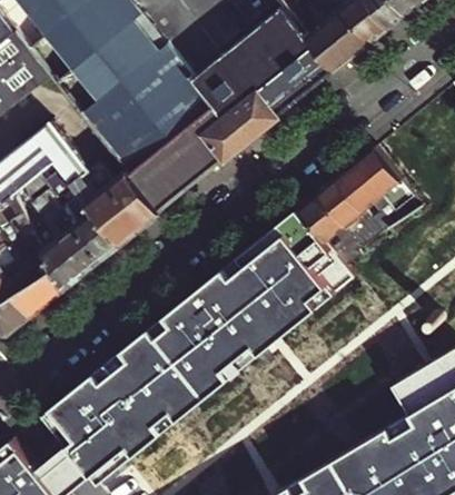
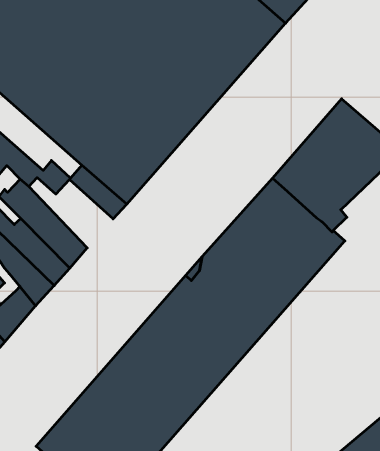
building: [70,178,141,249] -> none

